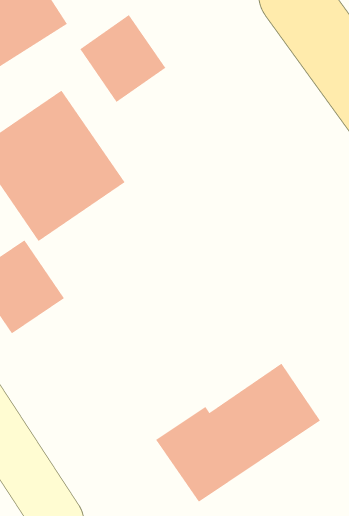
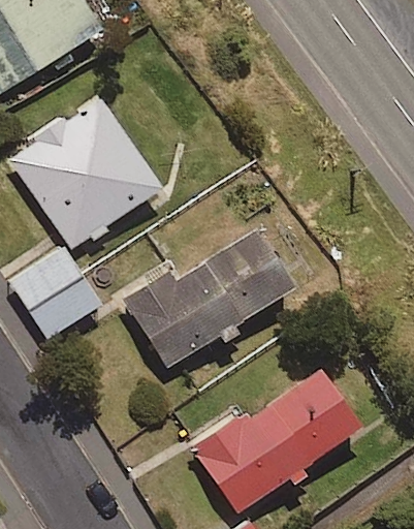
building: [79,14,166,103] -> none
building: none -> [125,231,290,366]

